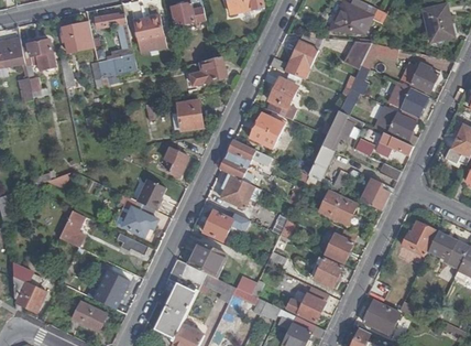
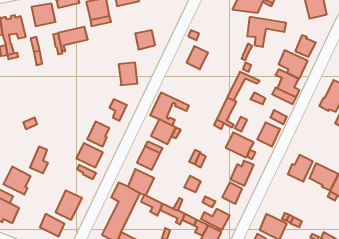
building: [284,35,322,78] -> none
building: [249,115,282,147] -> none
building: none -> [3,166,30,195]

